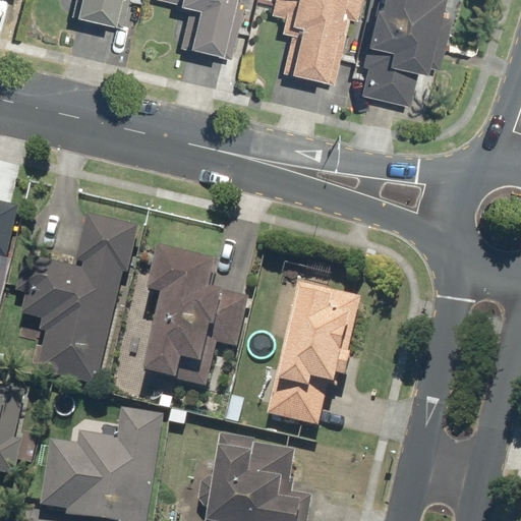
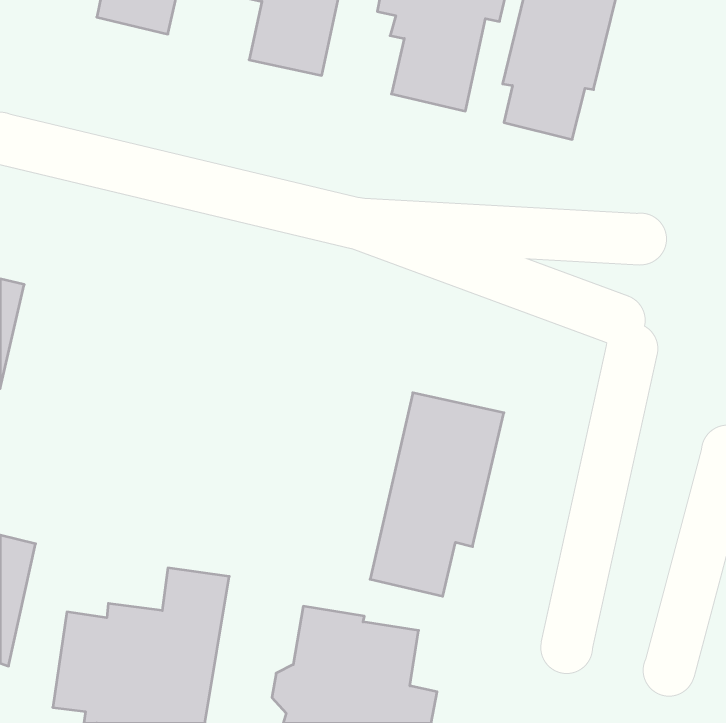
building: [14,213,139,387] -> none
building: [140,247,248,389] -> none

